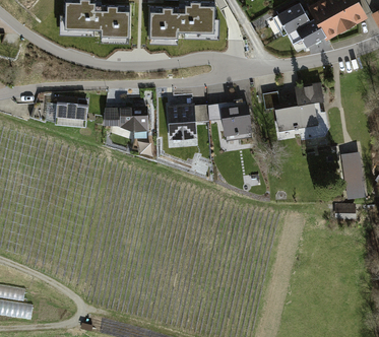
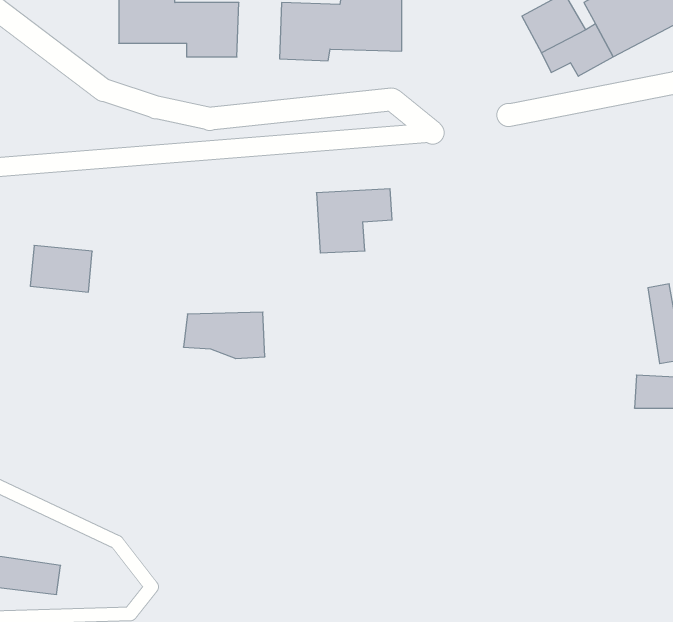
building: [262,82,326,138] -> none
building: [207,99,251,140] -> none
building: [55,103,87,127] -> [30,245,92,292]
building: [104,107,146,131] -> [183,312,265,359]

